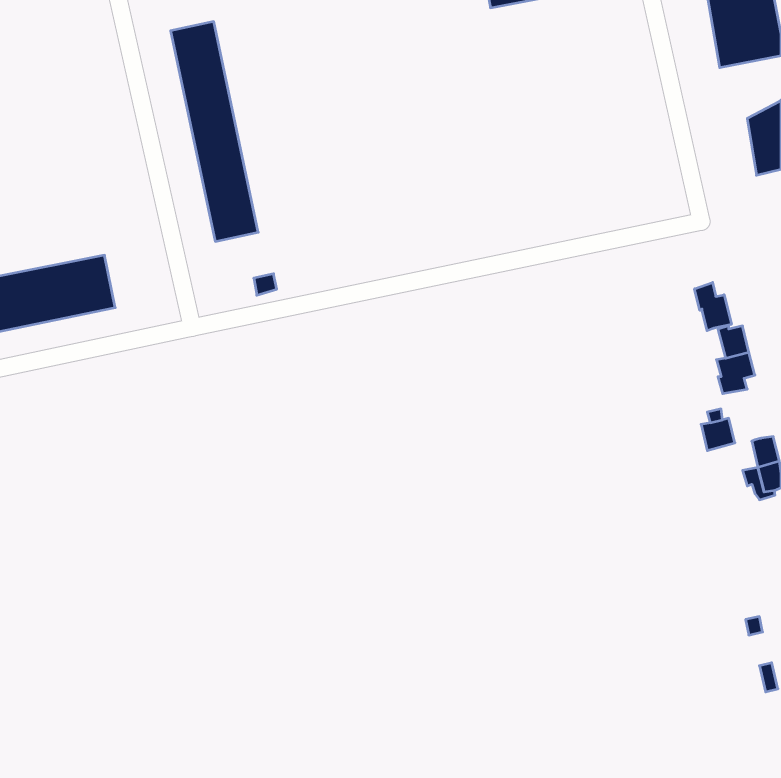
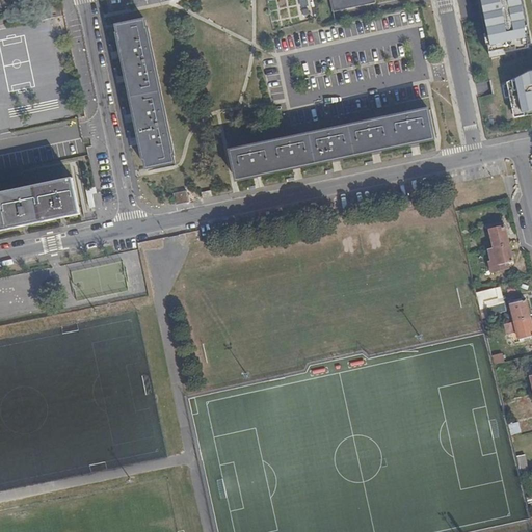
building: none -> [230,110,432,180]
building: [695,282,731,331] -> none

